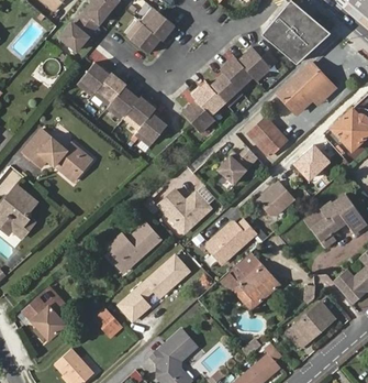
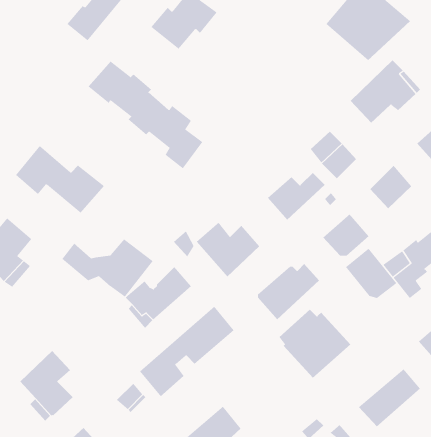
building: [181,46,275,133] -> none
building: none -> [61,239,154,297]
building: none -> [345,248,397,299]

